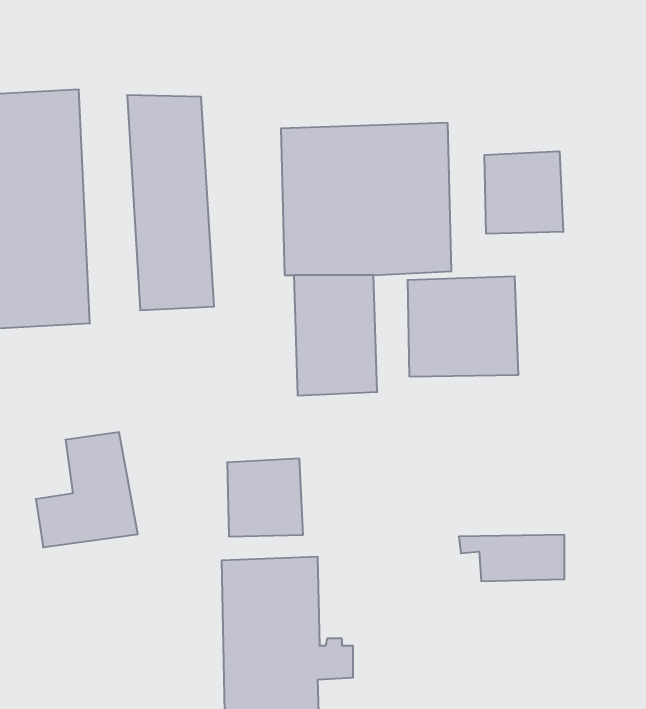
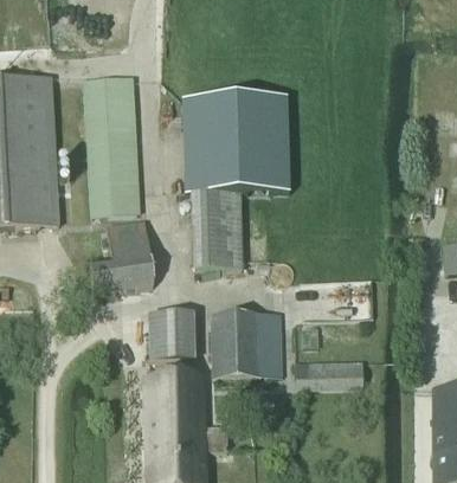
building: [484,151,563,234] -> none
building: [407,276,519,377] -> [211,310,282,374]
building: [36,432,138,547] -> [89,218,154,291]

